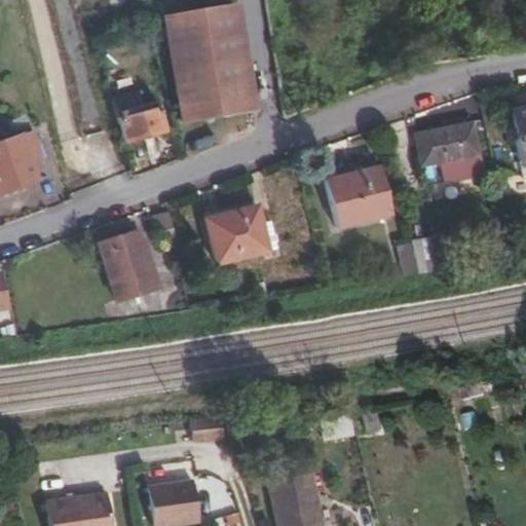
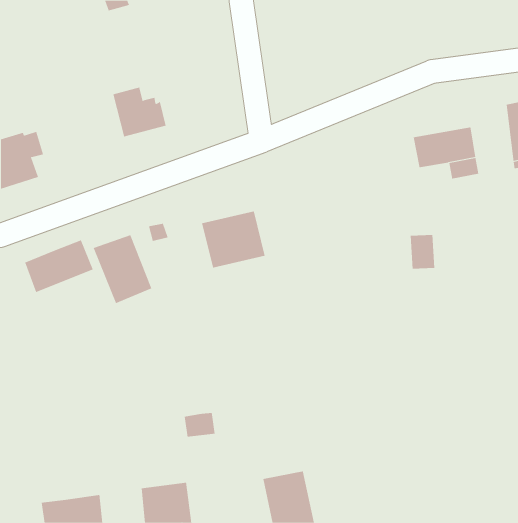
building: [174,6,257,118] -> none
building: [327,153,391,213] -> none
building: none -> [24,240,94,293]

